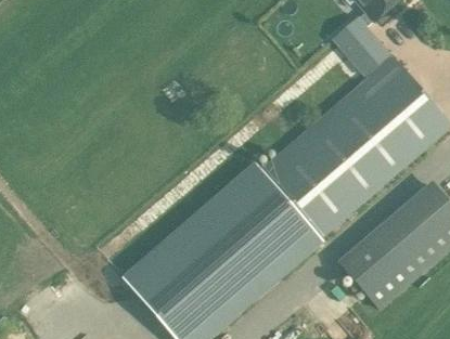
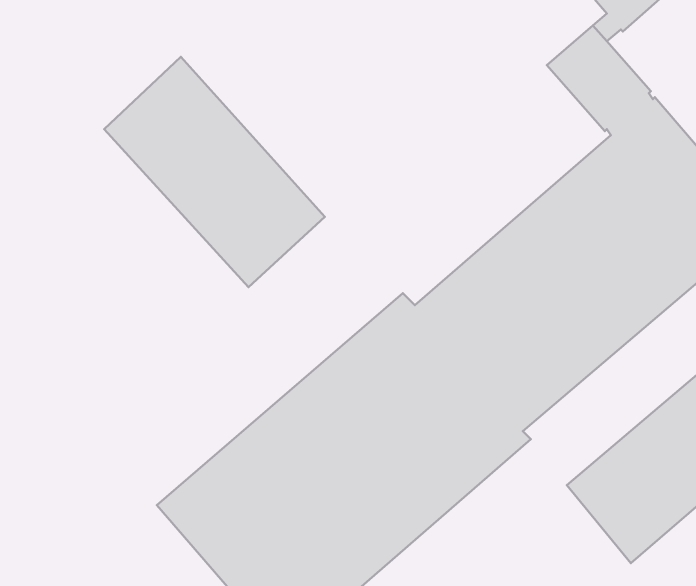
building: none -> [104,57,325,287]

